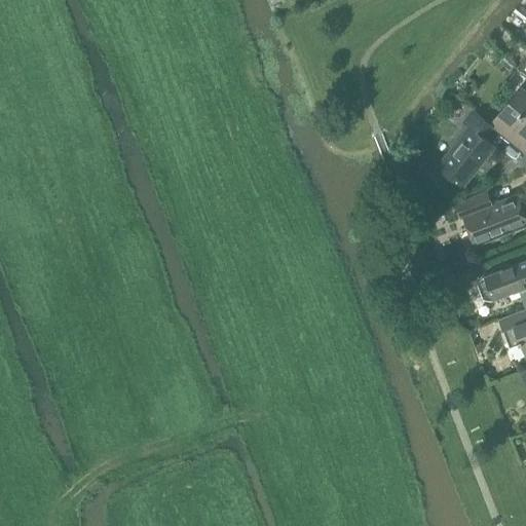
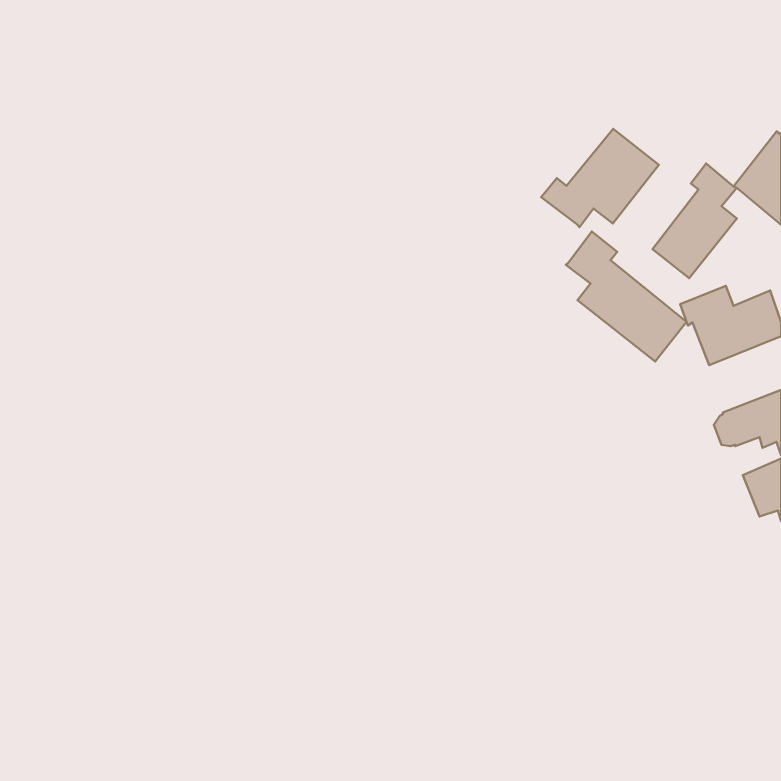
building: none -> [541,129,659,227]
building: none -> [566,231,686,361]

